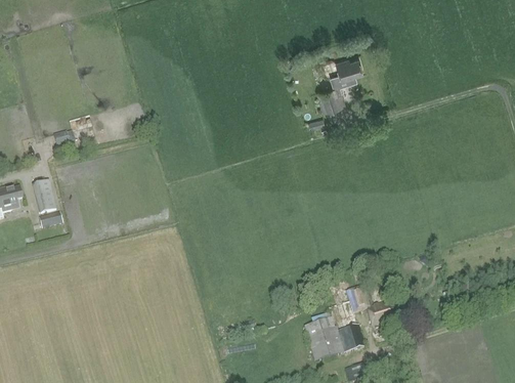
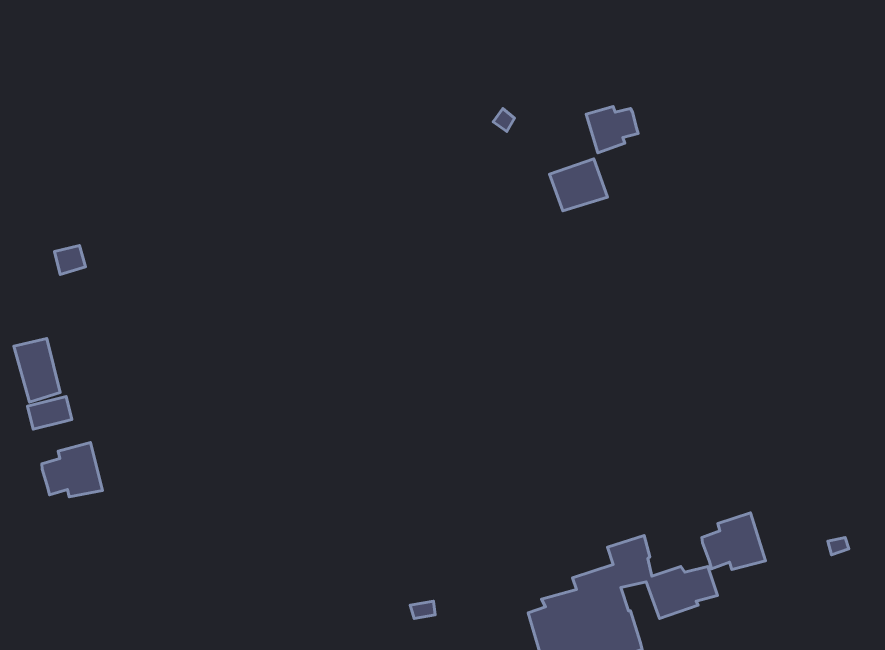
building: none -> [42,443,102,497]
building: none -> [702,513,766,570]

